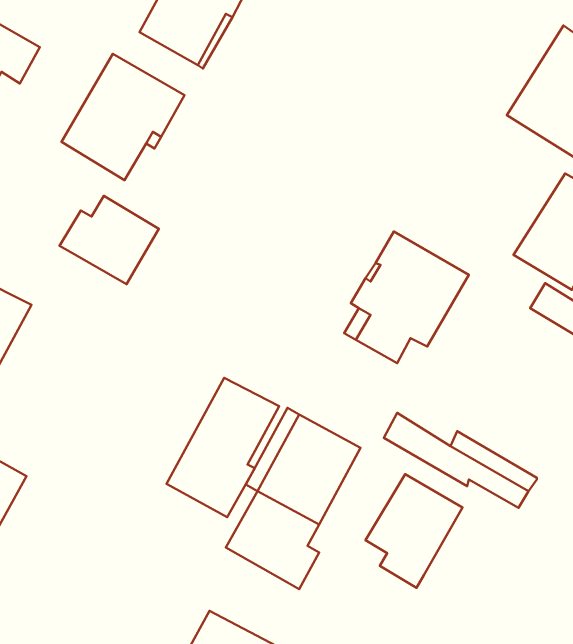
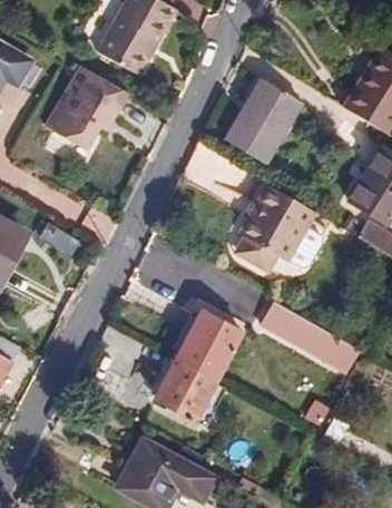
building: none -> [224,78,301,163]
building: [60,196,159,284] -> none
building: [167,378,279,517] -> none
building: [365,474,463,588] -> none

